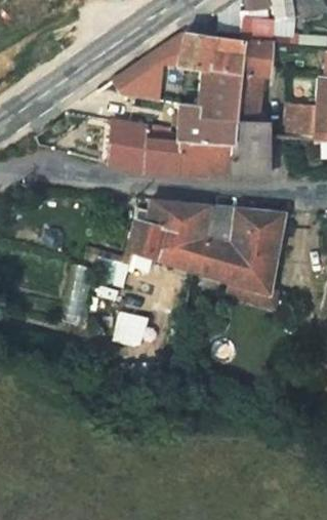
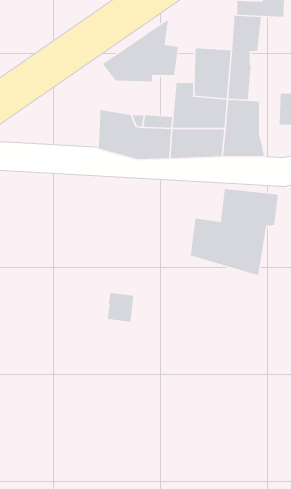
building: [174,30,243,66] -> none
building: [133,198,234,275] -> none

